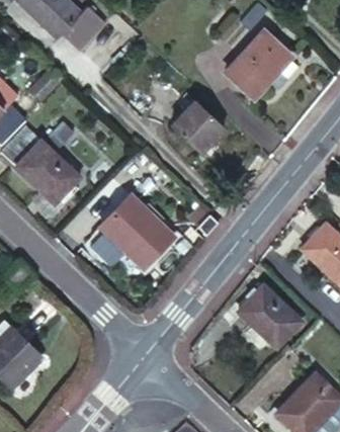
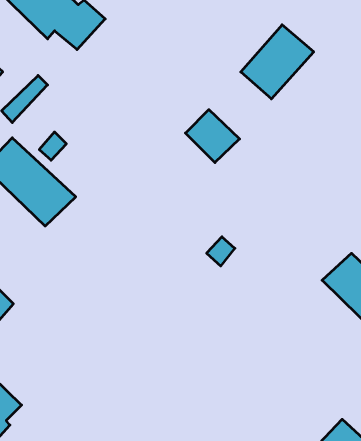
building: [102,195,180,273] -> none
building: [234,281,295,343] -> none

